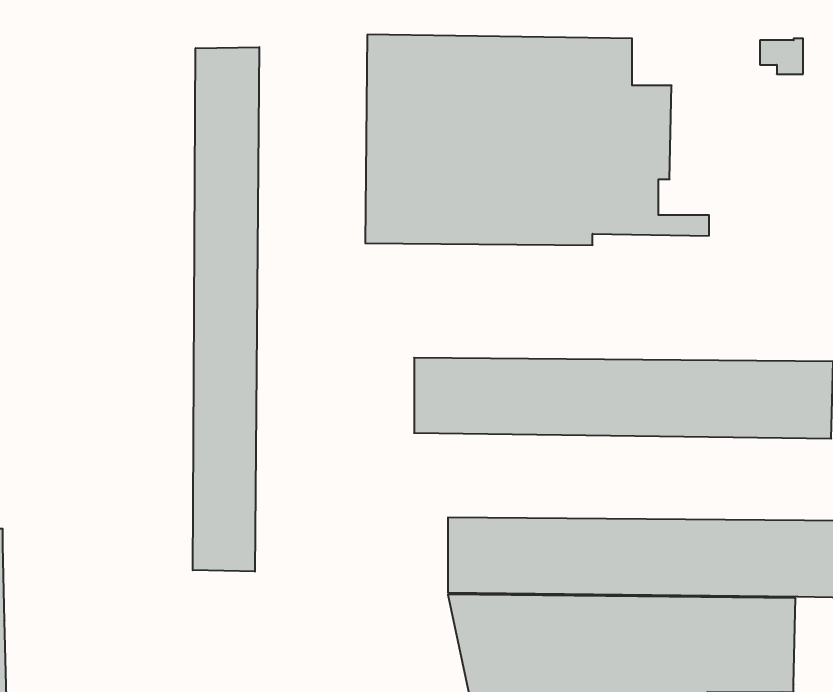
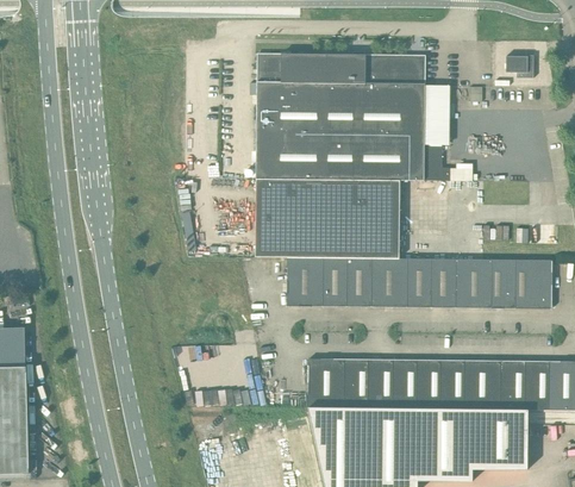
building: [193,47,259,572] -> none
building: none -> [255,185,400,257]

